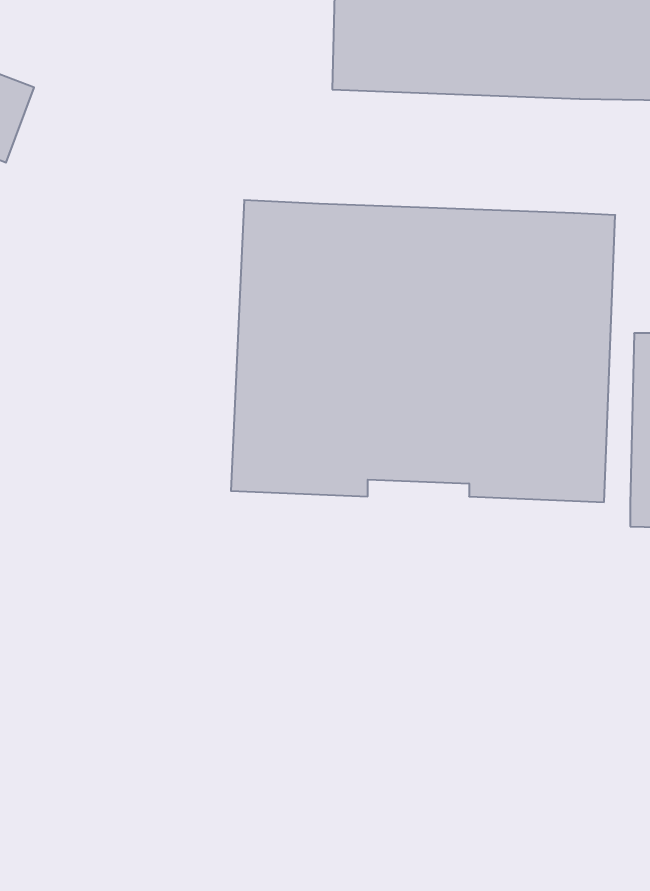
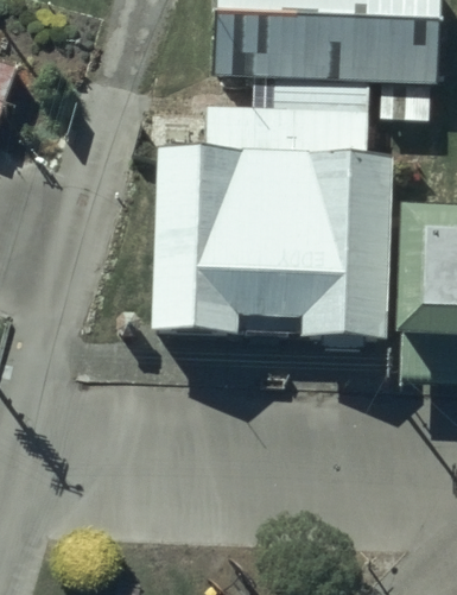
building: none -> [207,78,372,154]

